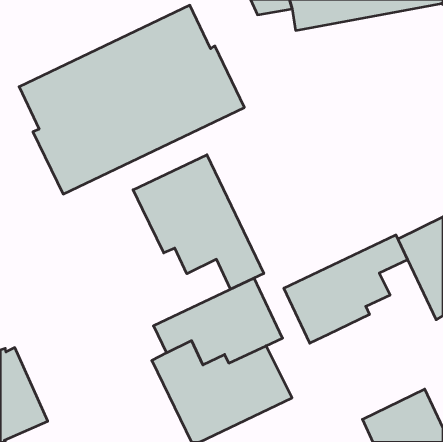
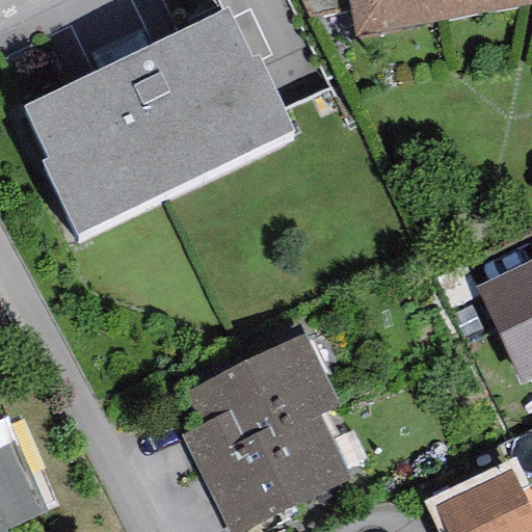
building: [133,155,264,289] -> none
building: [284,235,407,343] -> none

